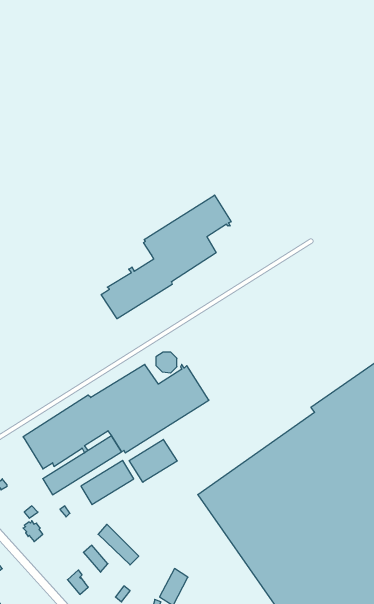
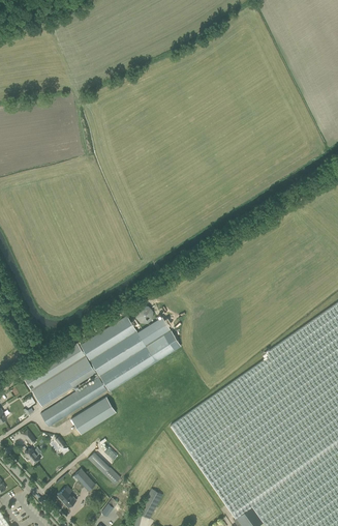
building: [101,195,231,319] -> none
building: [129,439,177,482] -> none

